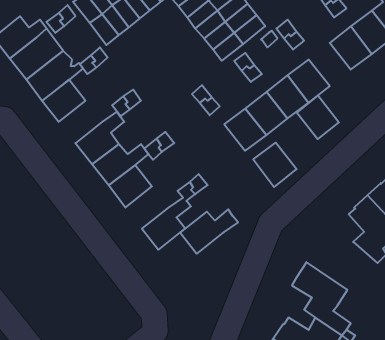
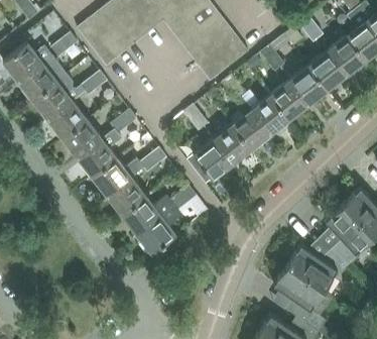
building: [297,96,339,139] -> [288,67,327,106]
building: none -> [61,119,101,157]
building: [253,143,297,187] -> [192,140,231,181]
building: [180,209,238,254] -> [122,195,174,235]
building: none -> [286,246,351,291]

